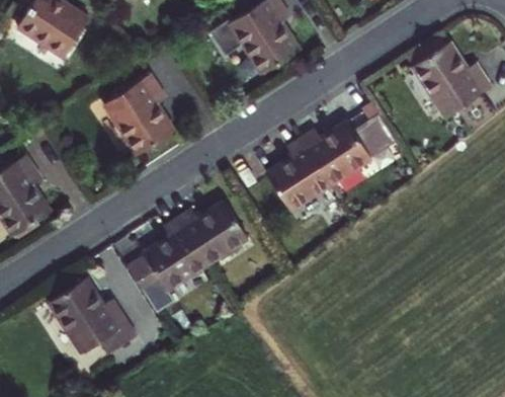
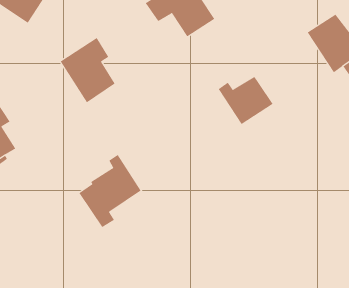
building: [353,114,396,156] -> none
building: [265,138,330,210] -> none
building: [176,201,247,264] -> none
building: [49,279,137,353] -> none

